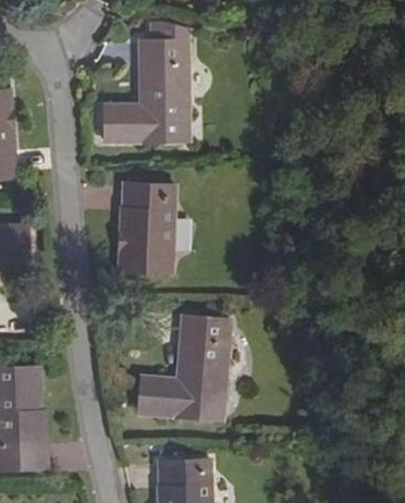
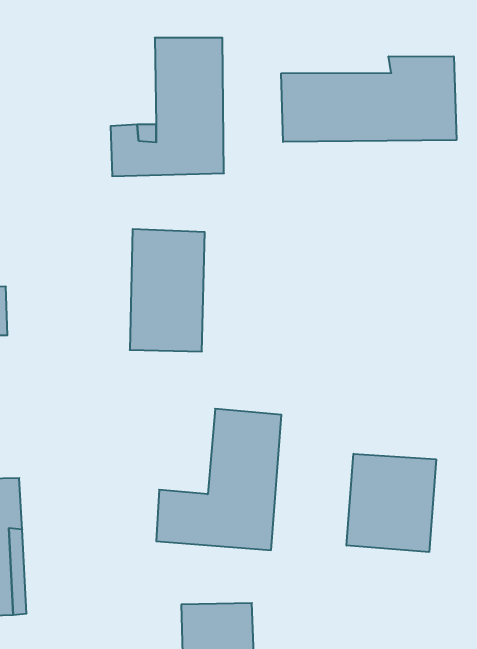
building: none -> [281,56,456,142]
building: none -> [347,454,436,552]

